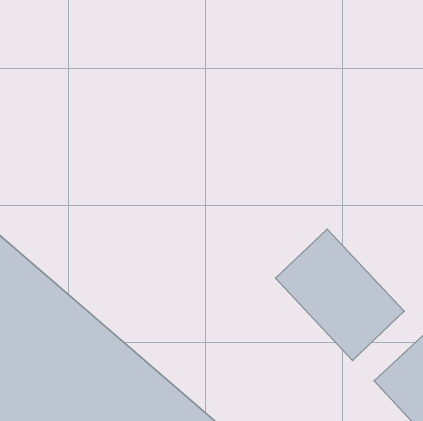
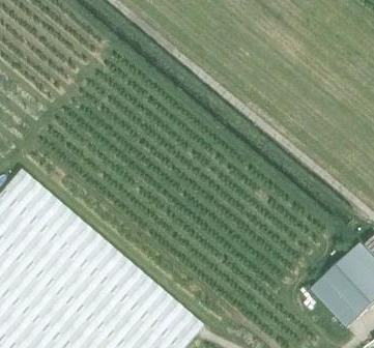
building: [275,229,404,361] -> none

